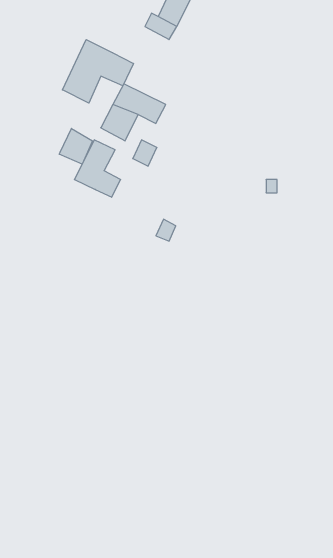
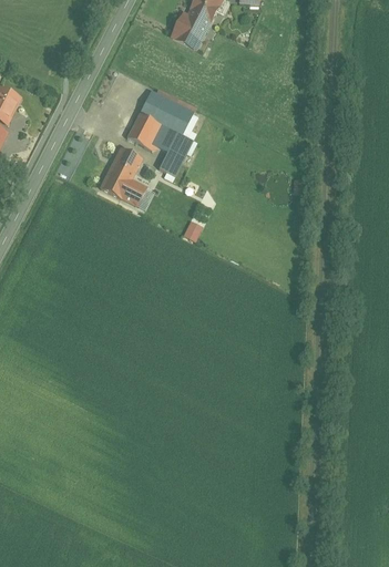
building: [62,40,133,103] -> none
building: none -> [154,117,195,151]
building: [59,128,93,164] -> none

